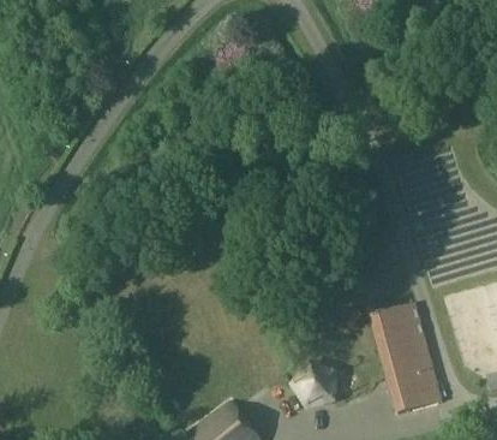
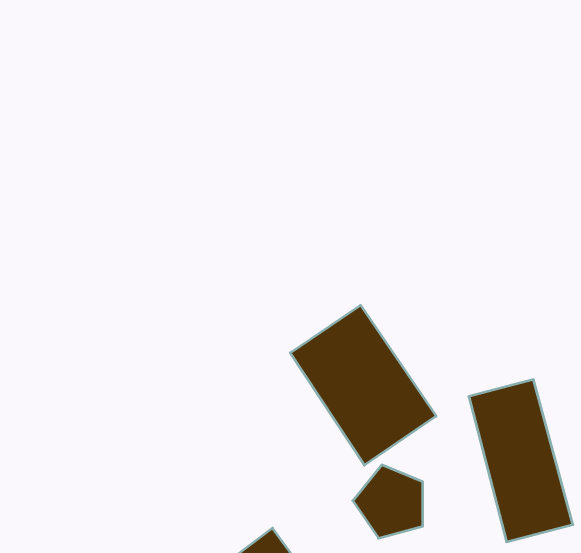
building: none -> [290,305,436,465]

